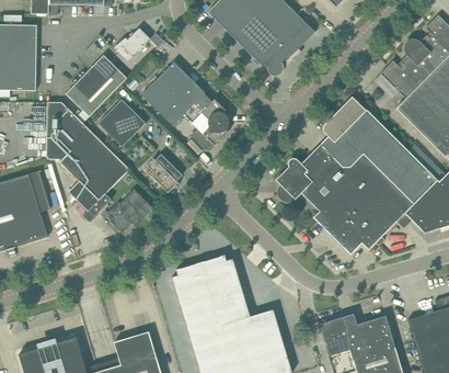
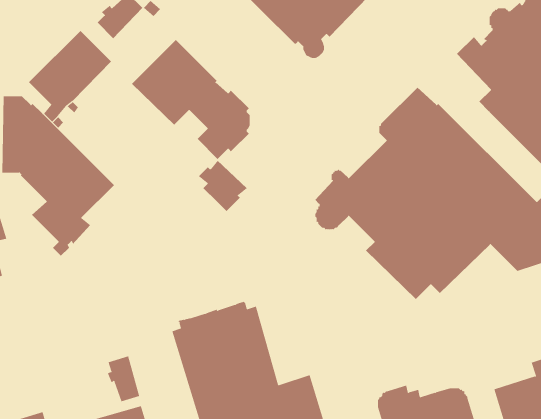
building: [97,99,146,147] -> none
building: [147,154,183,192] -> [198,160,247,212]
building: [107,188,153,233] -> none
building: none -> [107,355,140,402]

